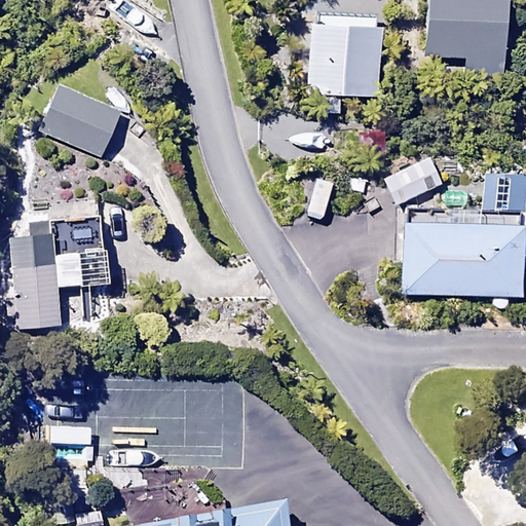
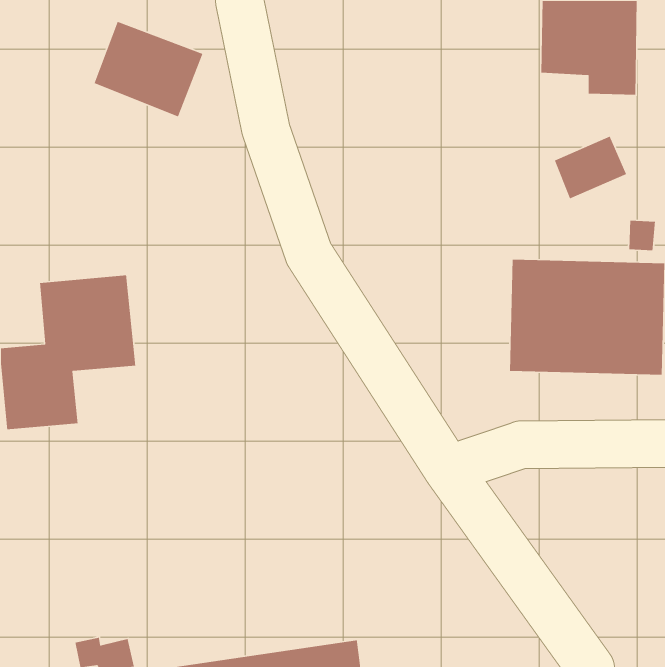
building: [304,13,386,97] -> none
building: [35,83,121,159] -> [94,21,203,118]
building: [385,154,443,204] -> [554,135,627,199]

